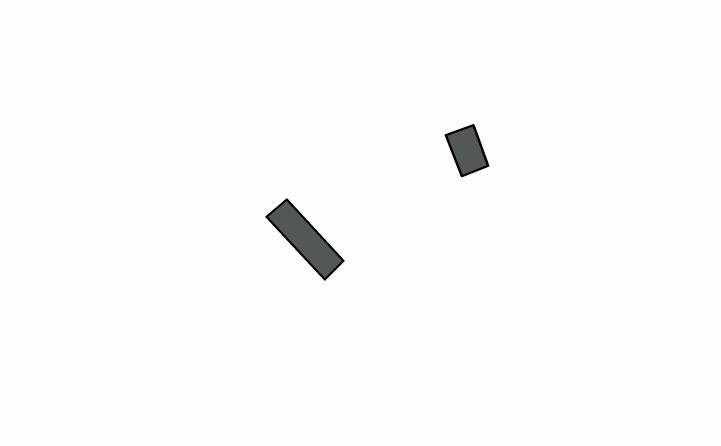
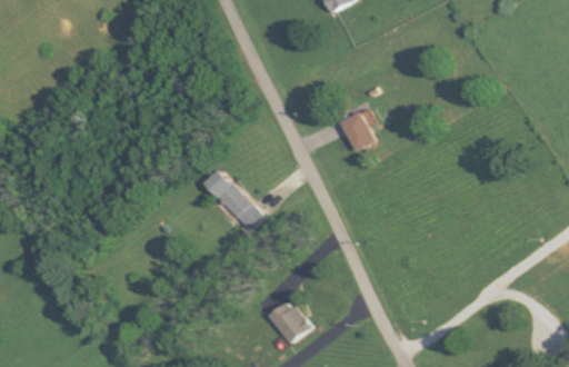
building: none -> [268,299,310,343]

